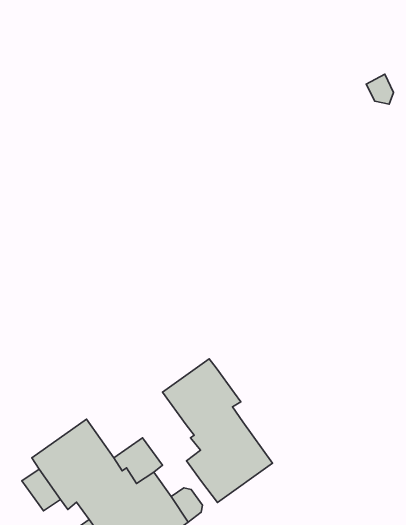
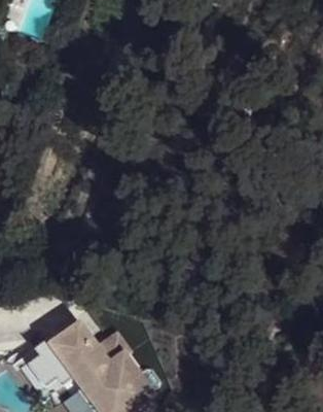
building: [163,359,273,502] -> none

